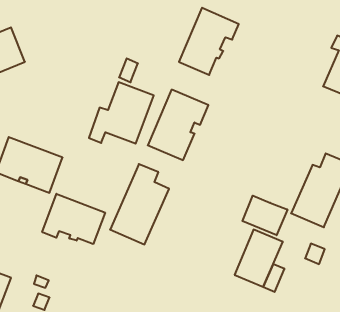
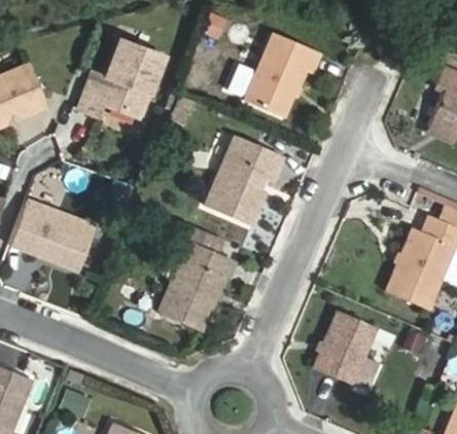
building: [89,82,154,144] -> [82,35,164,112]
building: [42,194,105,244] -> none
building: [242,196,287,235] -> none

